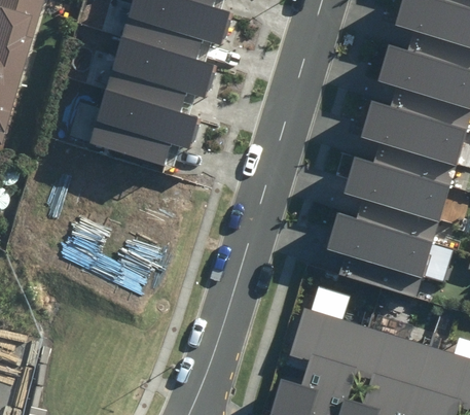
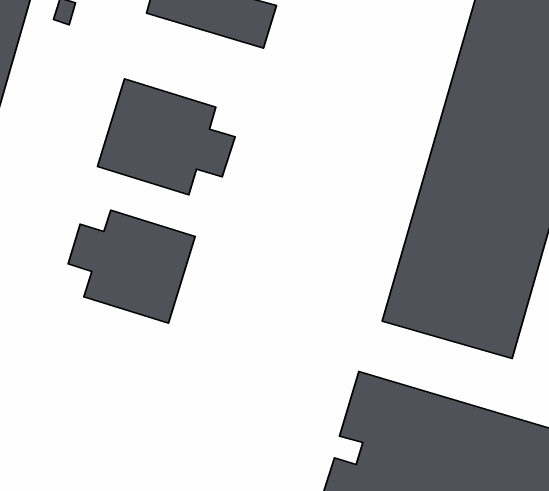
building: [116,20,220,99] -> none
building: none -> [68,210,195,323]

